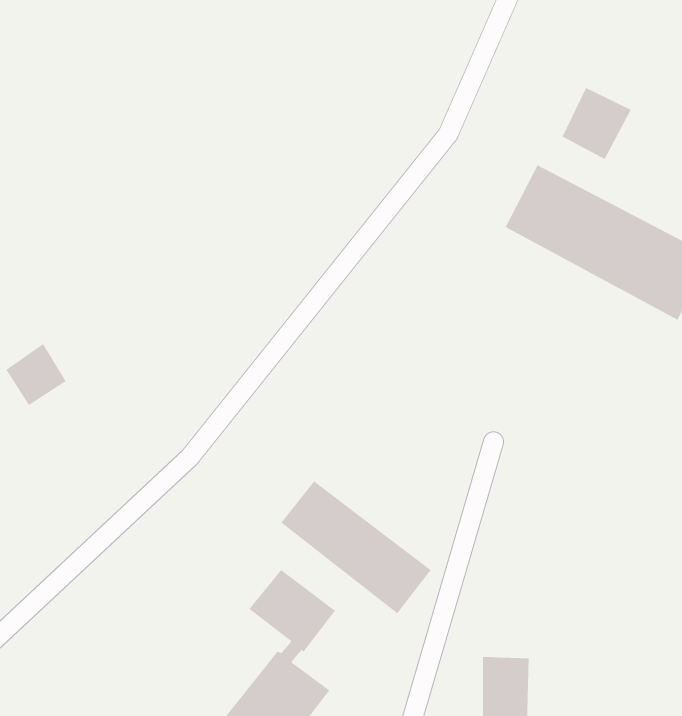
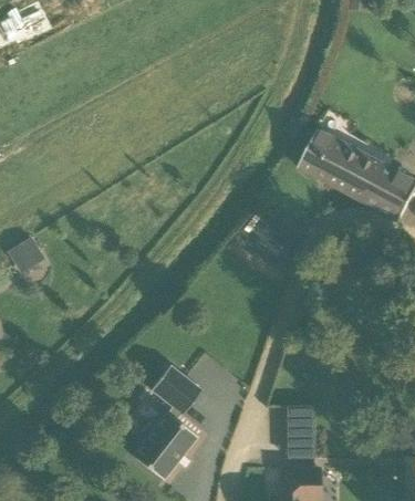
building: [562,87,632,160] -> none
building: [281,480,432,614] -> none

